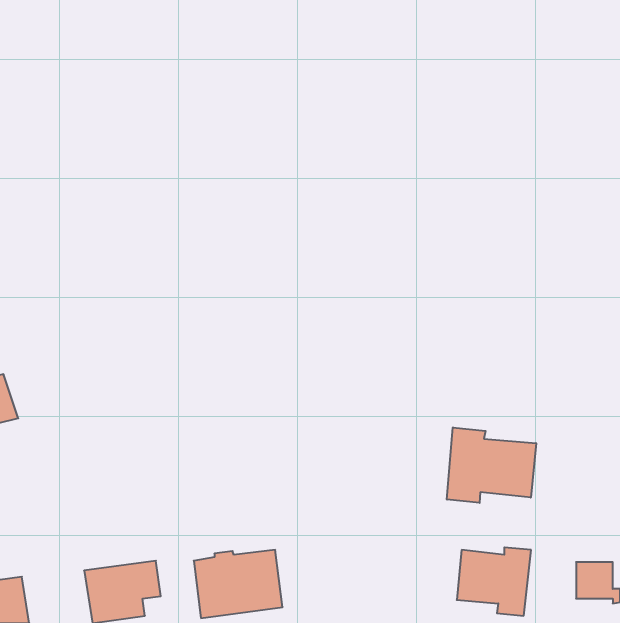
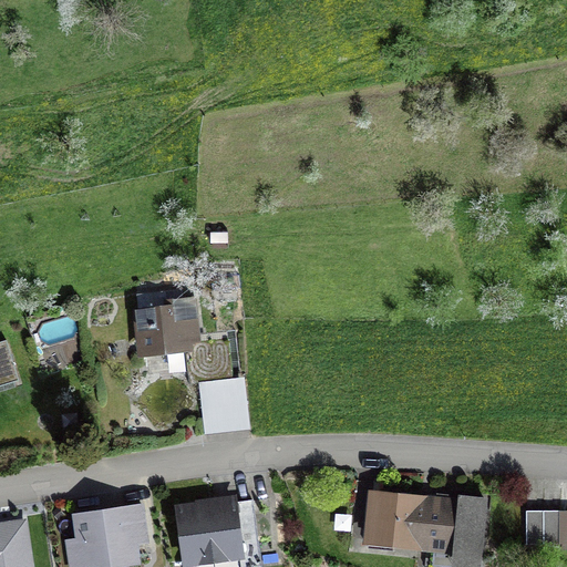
building: none -> [136,299,228,369]
building: [447,427,536,503] -> none
building: none -> [365,495,420,545]

